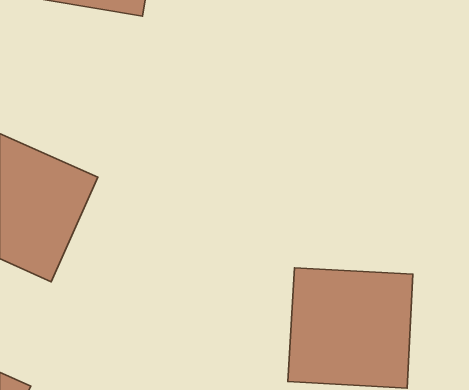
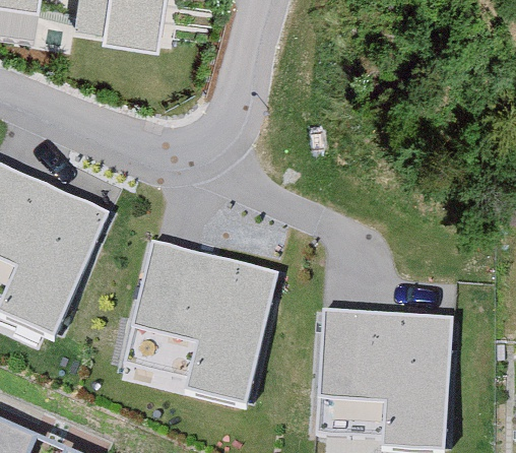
building: none -> [123,240,279,392]

